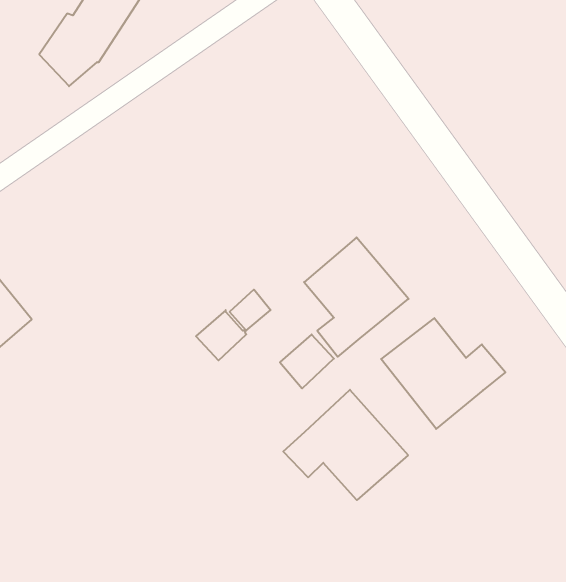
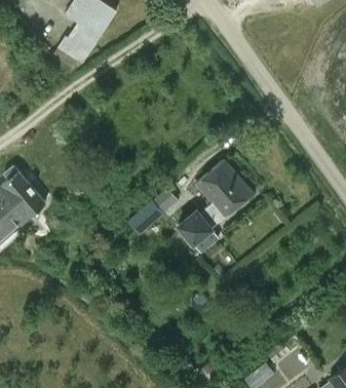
building: [381,318,505,429] -> none
building: [283,390,408,500] -> none

